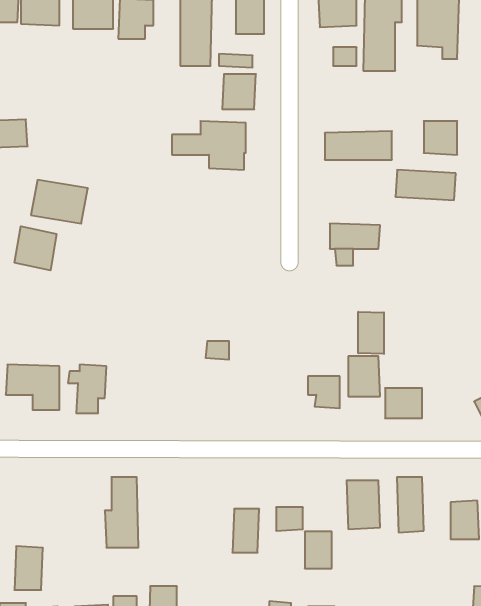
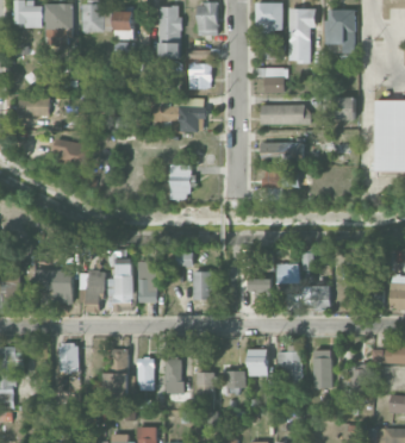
building: none -> [257,67,286,93]
building: [395,170,456,200] -> [261,141,304,162]
building: [15,226,56,270] -> none
building: none -> [170,174,193,199]
building: [358,312,384,354] -> none
building: none -> [106,258,132,301]
building: none -> [138,261,157,302]
building: none -> [193,270,213,300]
building: none -> [136,356,155,391]
building: none -> [164,358,183,393]
building: [305,532,332,568] -> [248,349,267,375]
building: [14,546,43,590] -> [58,342,79,373]

